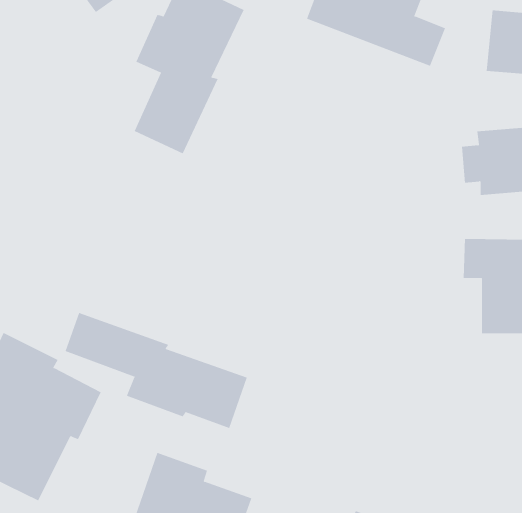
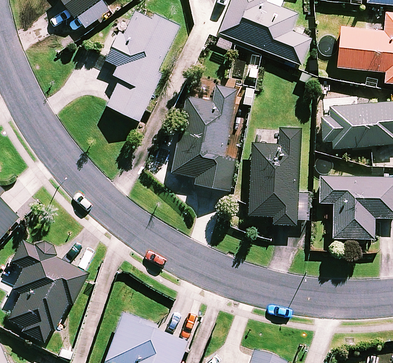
building: none -> [173,84,238,190]
building: none -> [250,125,311,224]
building: [65,312,248,429] -> none

